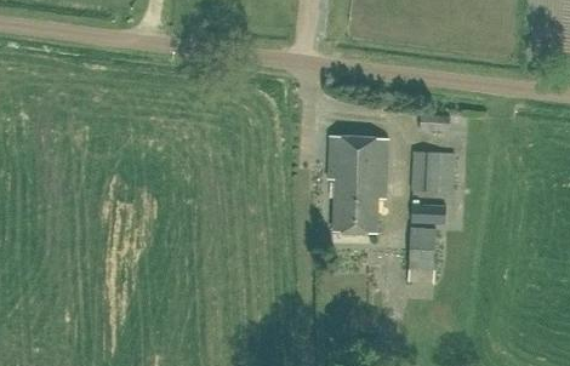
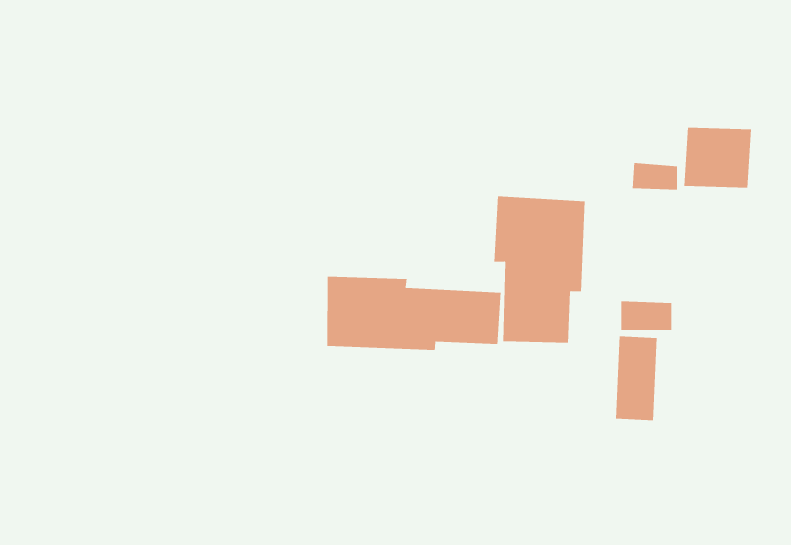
building: [410,153,455,193] -> [684,127,752,188]
building: none -> [327,276,501,351]

